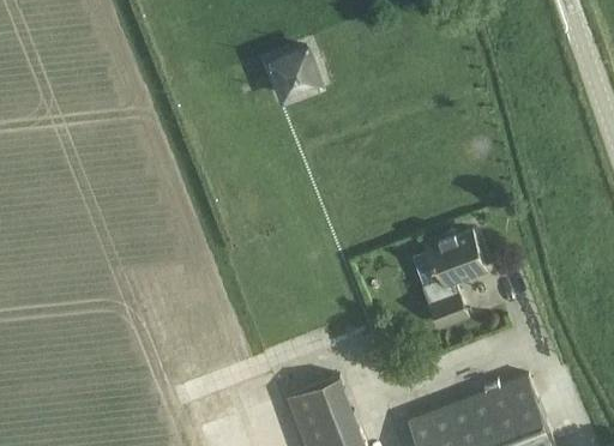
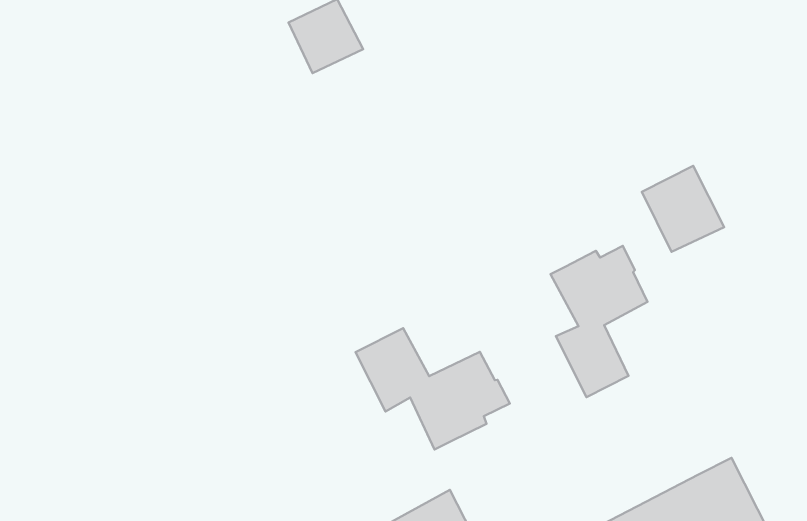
building: none -> [642,166,724,252]
building: none -> [355,328,510,449]

